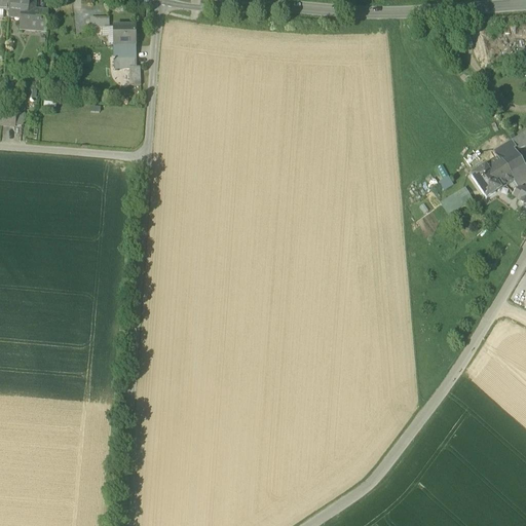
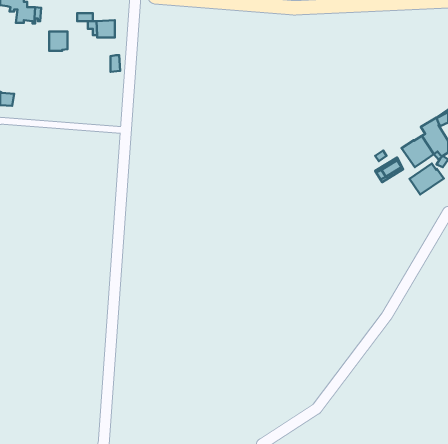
building: [114,44,136,67] -> [49,32,68,51]
building: none -> [409,163,444,195]

